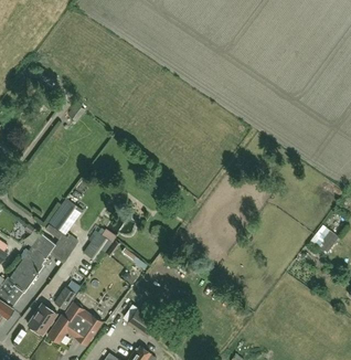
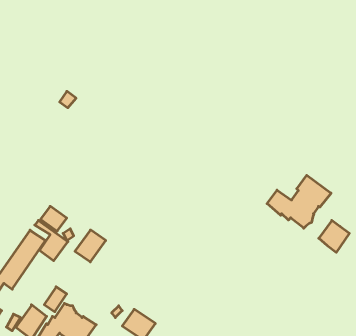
building: none -> [267,175,331,228]

